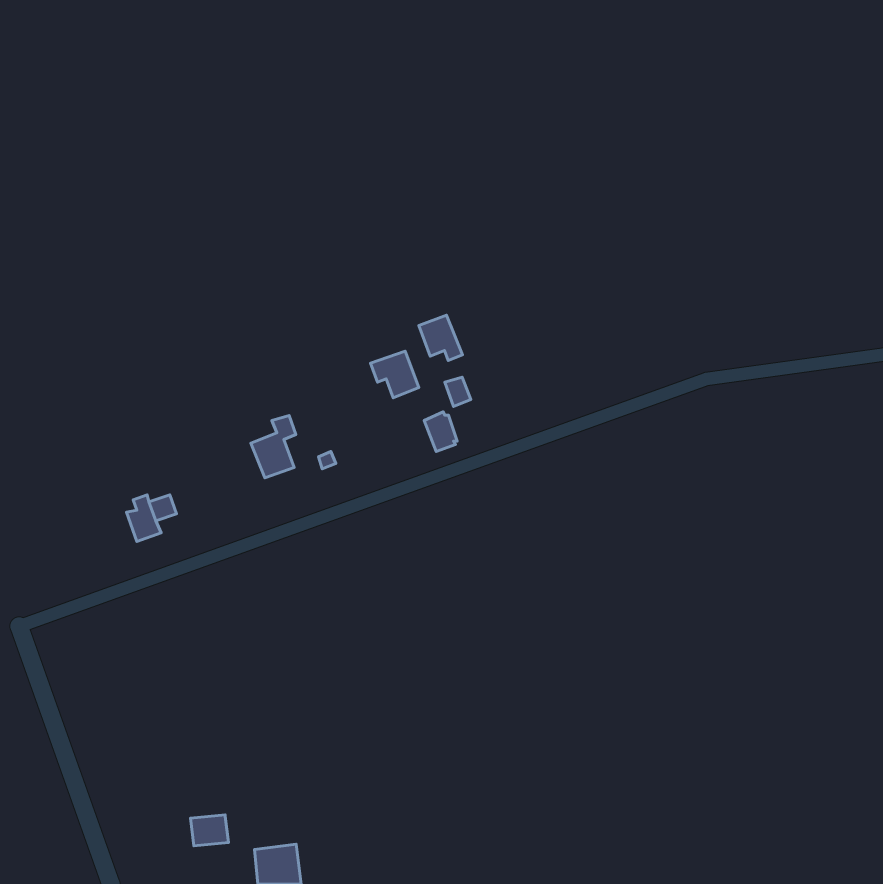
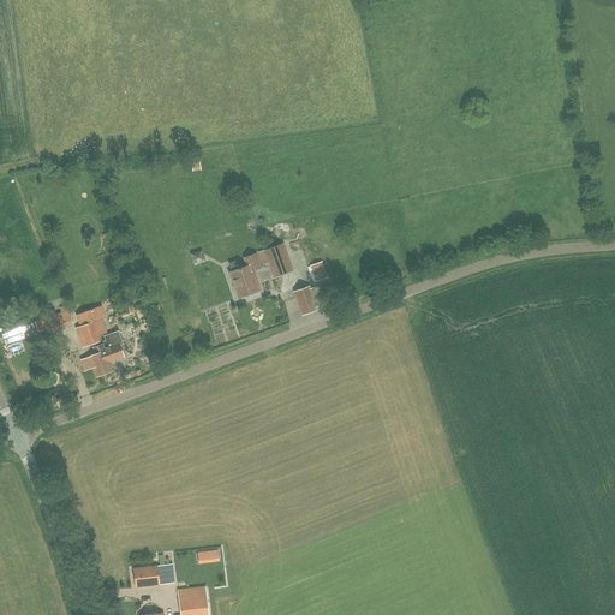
building: [419,315,463,361] -> none
building: [251,415,296,478] -> [228,253,259,297]
building: none -> [77,305,106,345]

